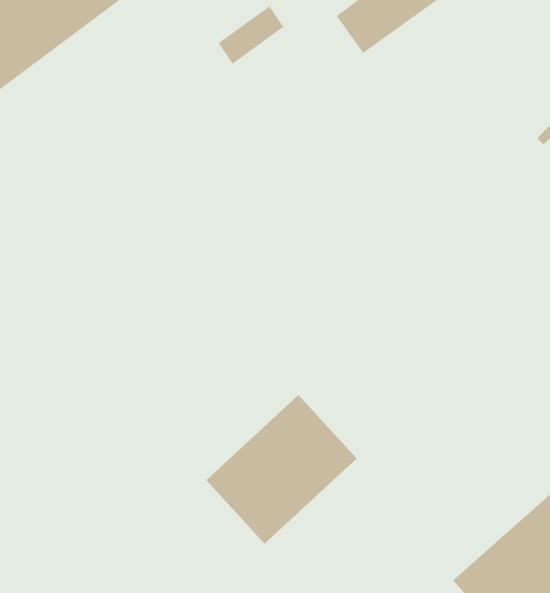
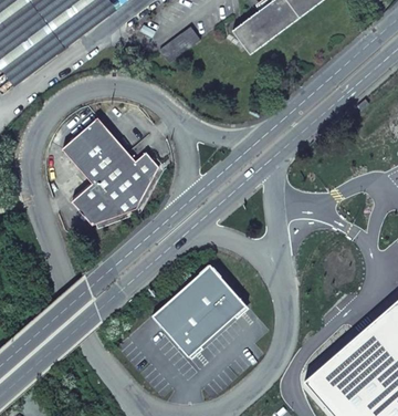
building: none -> [63,116,159,225]

